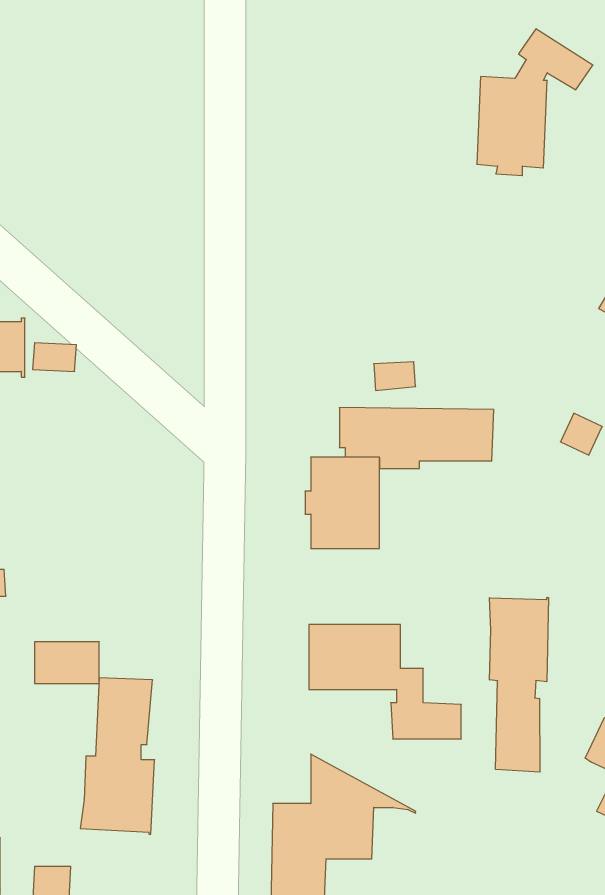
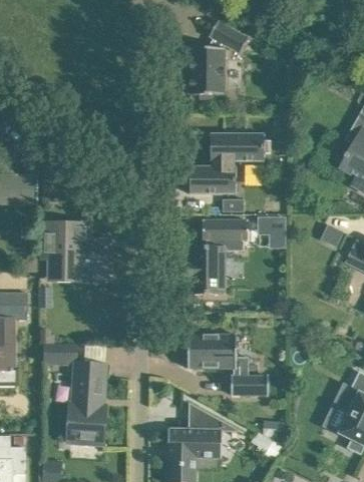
building: [477,29,593,176] -> [188,22,249,99]
building: none -> [189,133,265,192]
building: none -> [40,221,110,279]
building: [490,597,548,772] -> none

